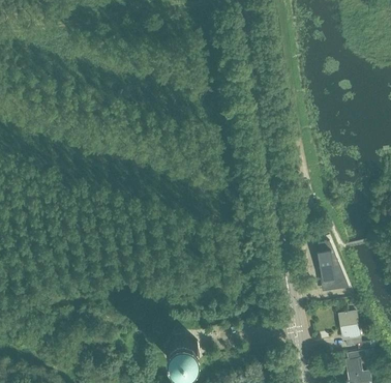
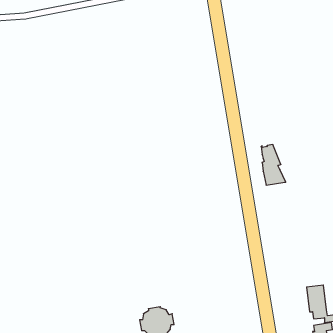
building: [318,243,343,286] -> [261,145,286,185]

